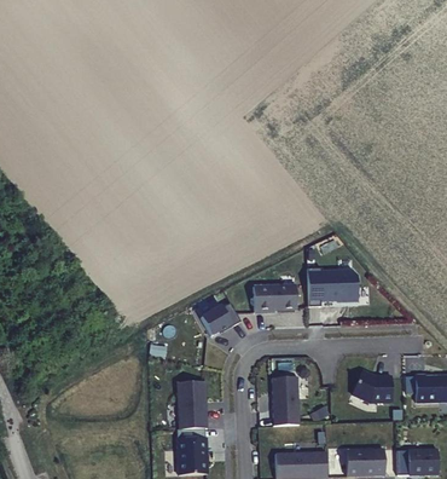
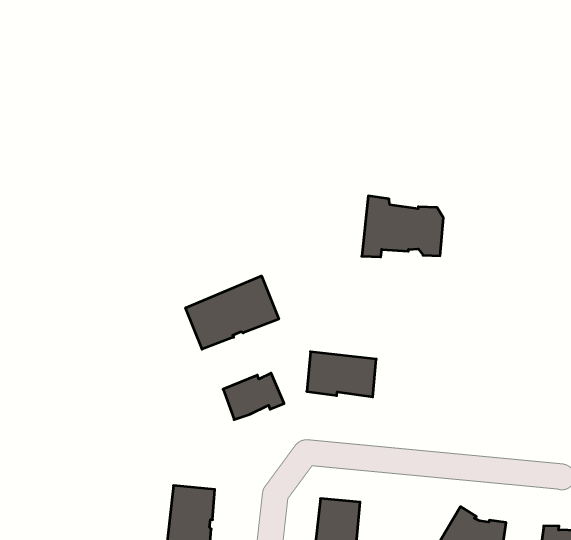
building: none -> [186,276,279,349]
building: [307,267,358,306] -> [362,196,443,257]

